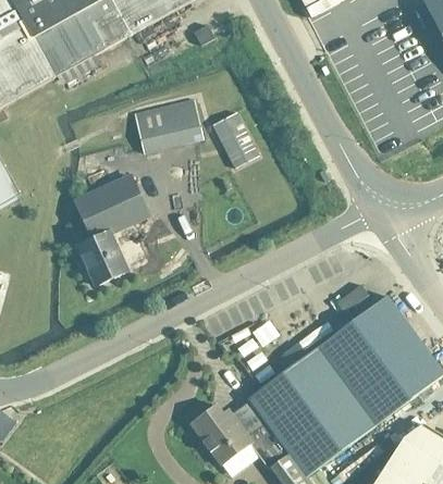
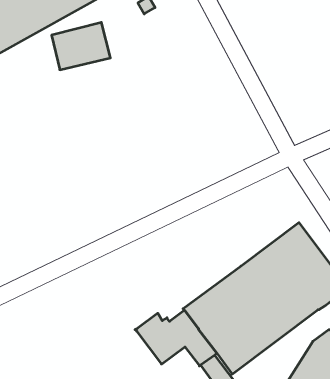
building: [133,97,204,153] -> [52,22,110,70]
building: [211,111,258,167] -> none
building: [74,175,148,285] -> none

